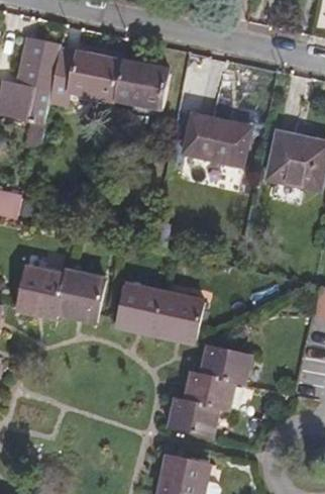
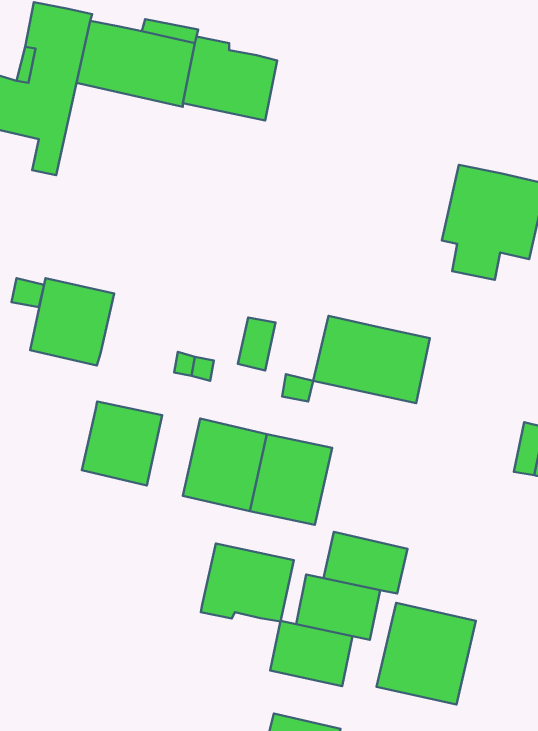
building: [184,115,252,167] -> [313,316,430,403]
building: [13,269,63,320] -> [30,278,114,366]
building: none -> [201,543,294,622]
building: none -> [377,603,476,704]

